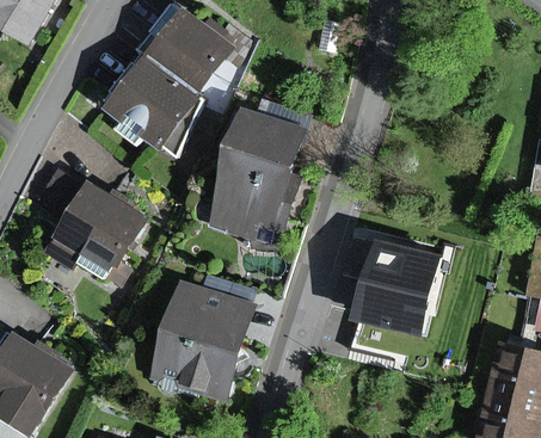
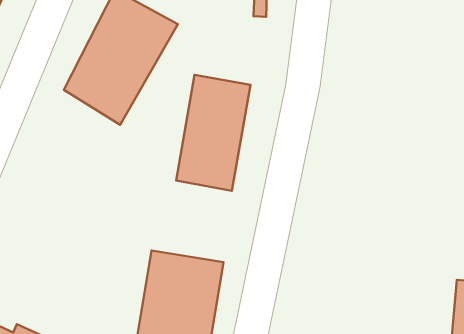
building: [41,190,137,285] -> none
building: [349,240,435,339] -> none

